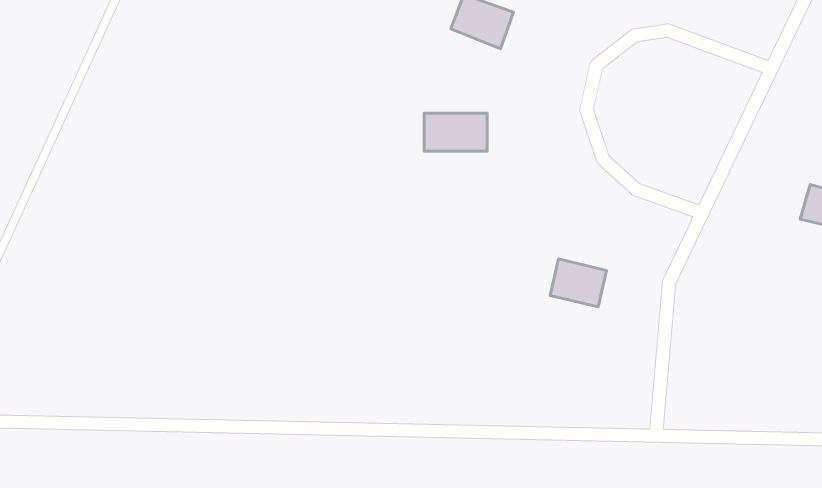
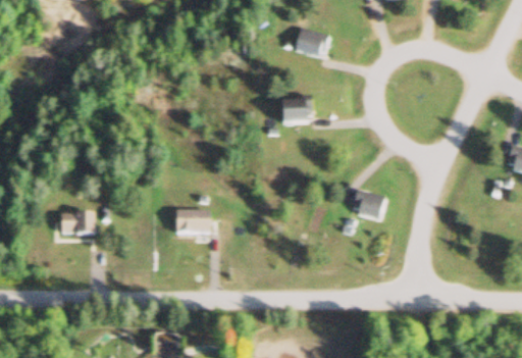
building: none -> [173,209,210,232]
building: none -> [59,213,94,234]

